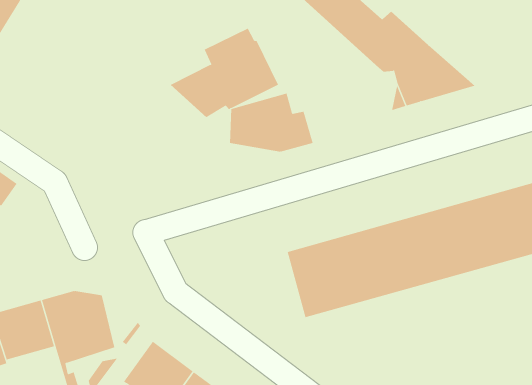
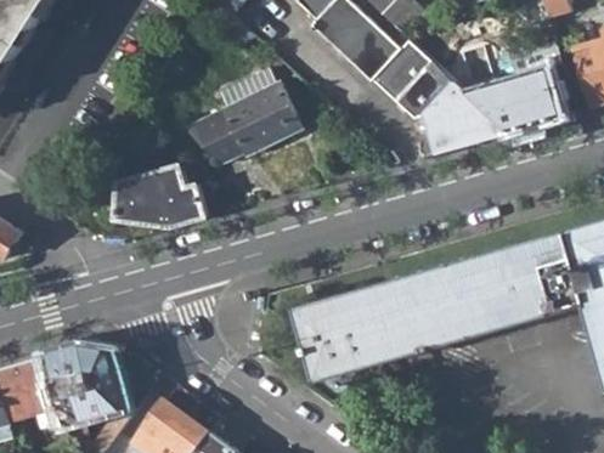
building: none -> [461,61,560,129]
building: [229,93,313,152] -> [115,164,205,227]

